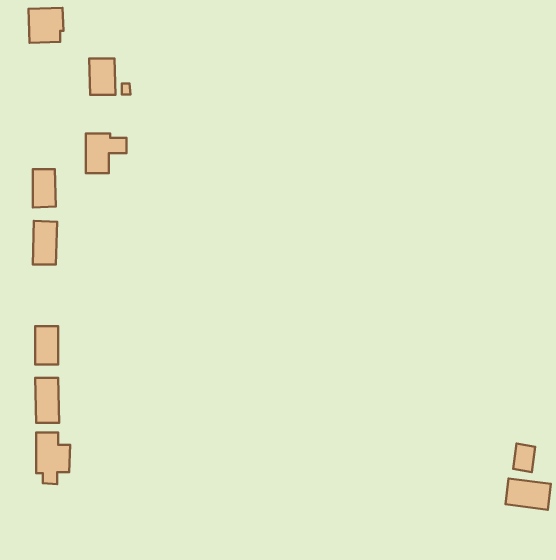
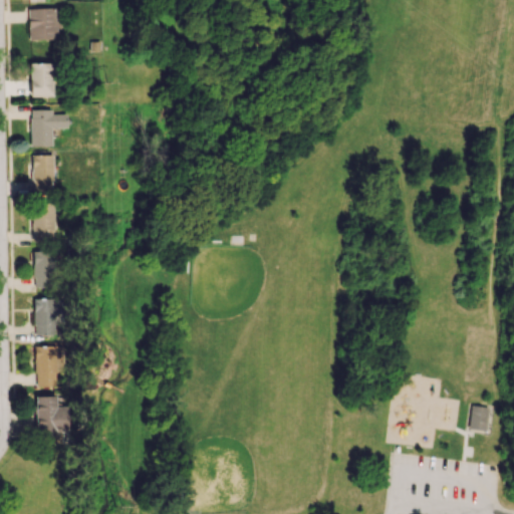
building: [89,58,116,95] -> [31,63,55,96]
building: [86,134,127,173] -> [32,110,69,147]
building: none -> [35,252,57,287]
building: [506,478,551,510] -> none

